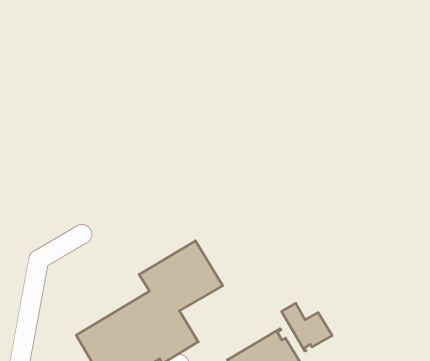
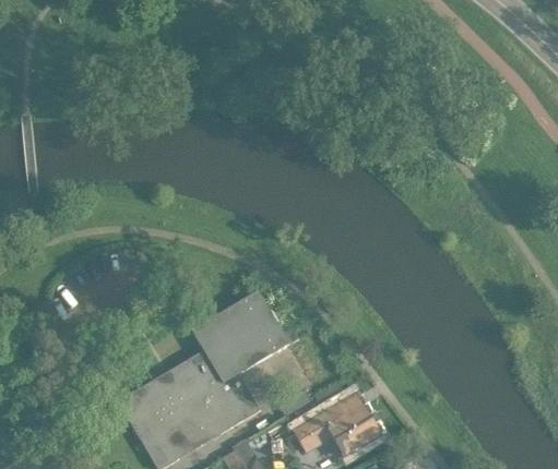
building: [282,303,332,351] -> none

